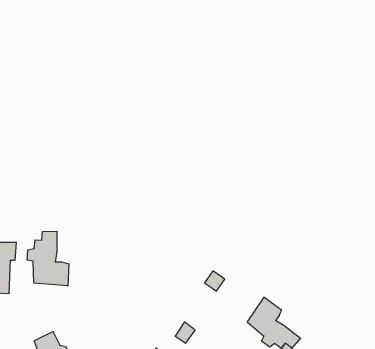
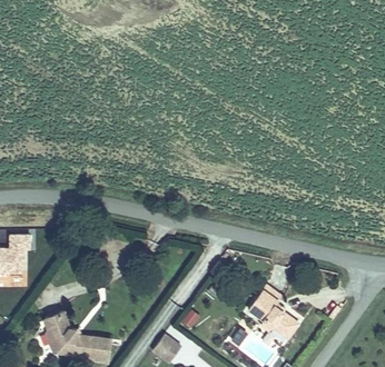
building: [27,231,69,286] -> none

